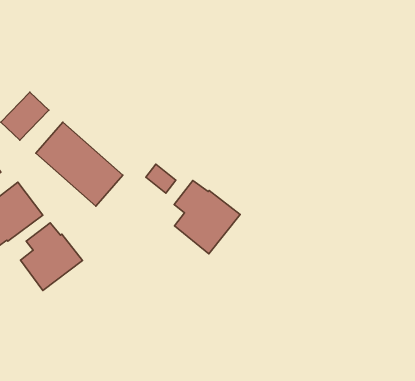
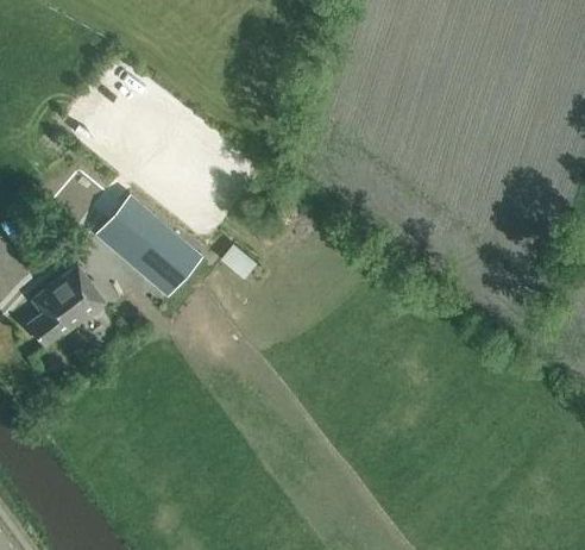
building: [174,181,240,254] -> none
building: [20,223,82,290] -> none

